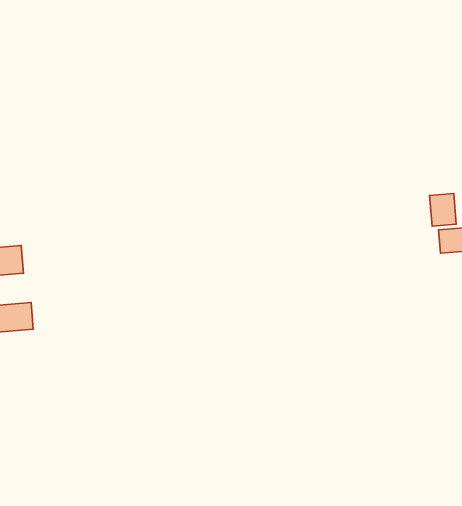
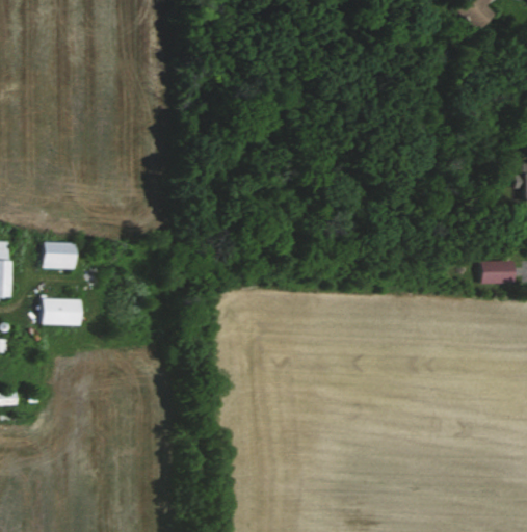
building: [430,194,456,226] -> none

